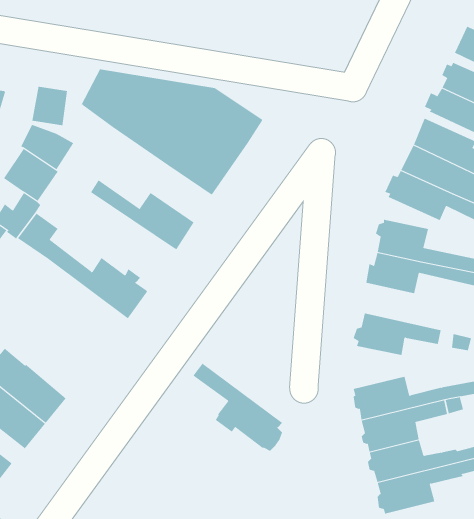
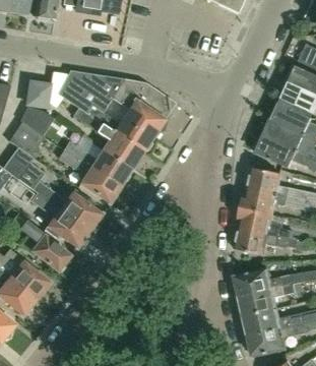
building: none -> [73,108,142,169]
building: none -> [58,149,119,202]
building: none -> [239,207,292,238]
building: none -> [12,215,70,270]
building: [193,363,283,451] -> [30,192,88,249]

